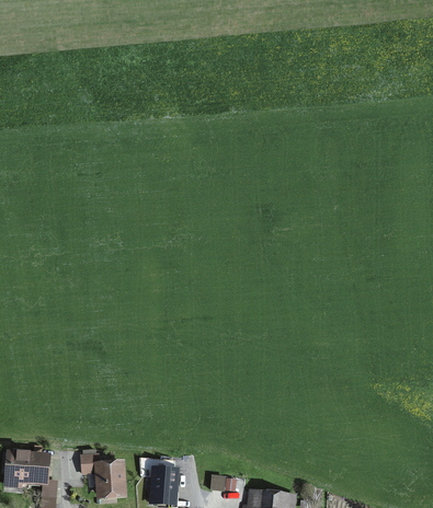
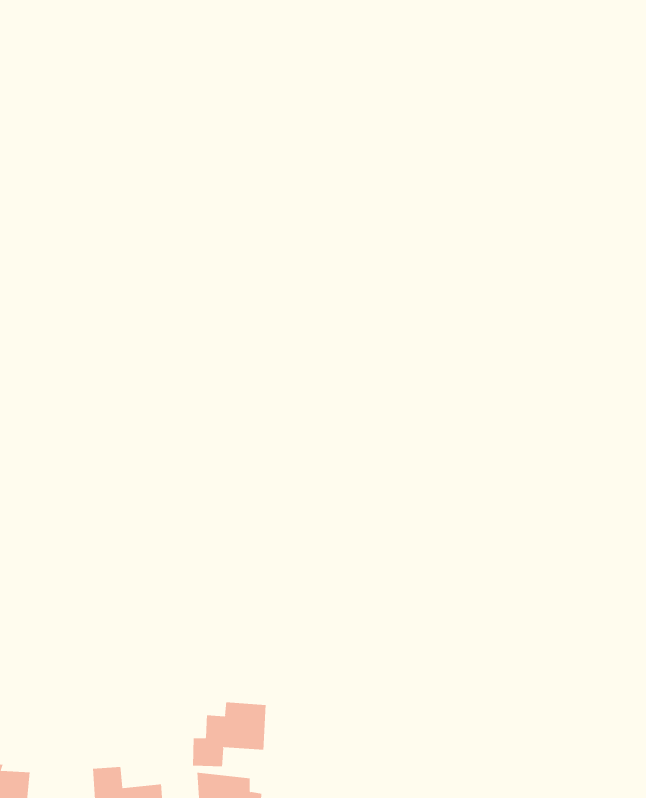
building: none -> [192,702,266,767]

